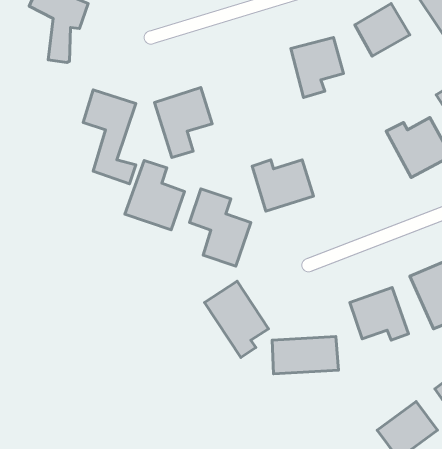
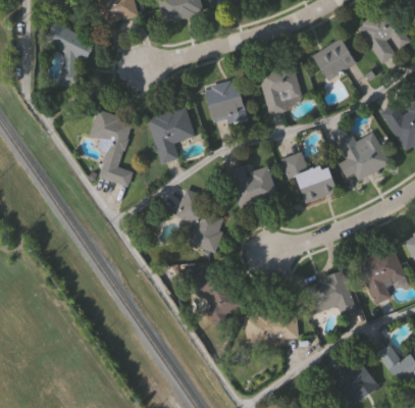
building: none -> [205,81,247,121]
building: none -> [281,152,338,202]
building: [125,160,184,230] -> none

